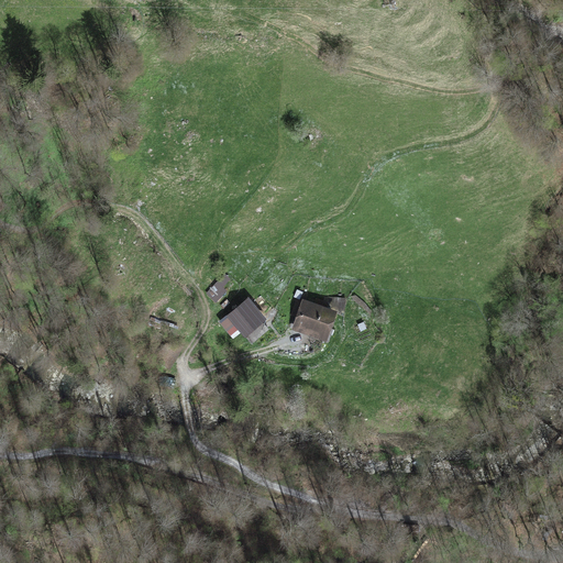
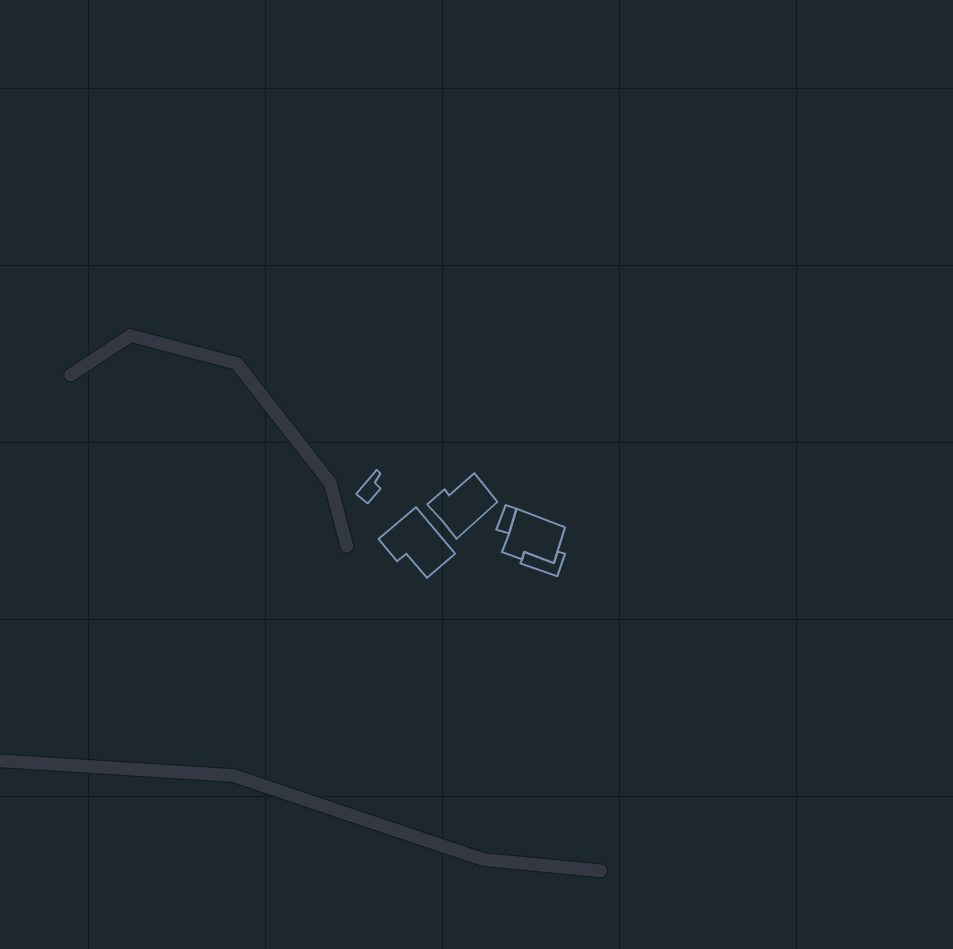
building: none -> [427,473,497,539]

